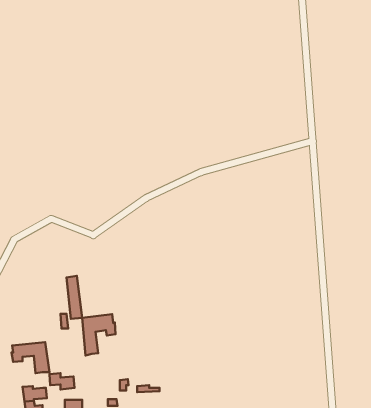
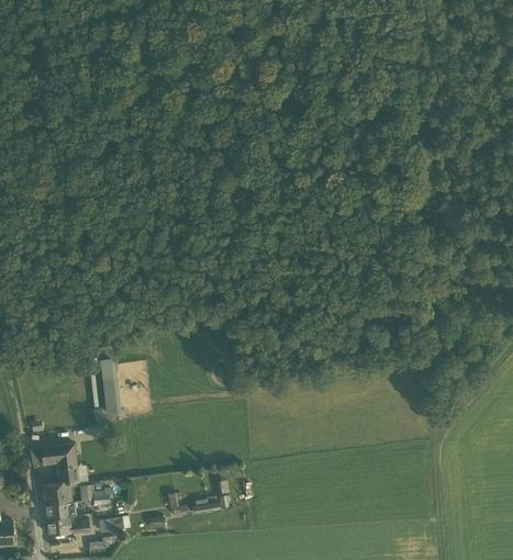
building: [82,314,116,355] -> none
building: none -> [42,483,70,504]

